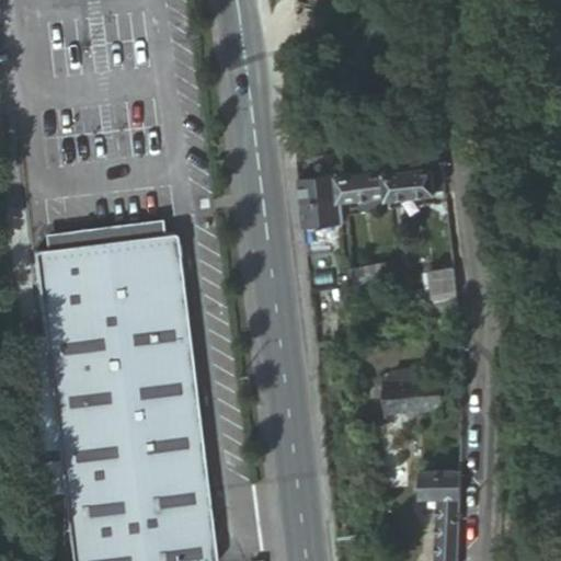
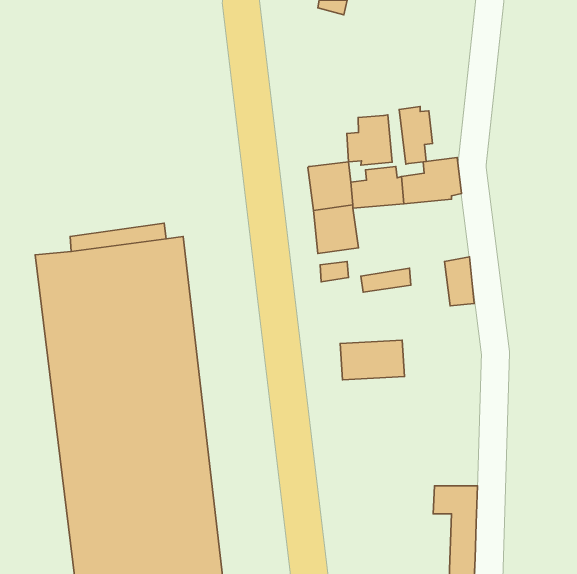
building: none -> [399,107,433,164]
building: none -> [347,115,392,165]
building: [381,378,444,416] -> [340,340,405,380]

